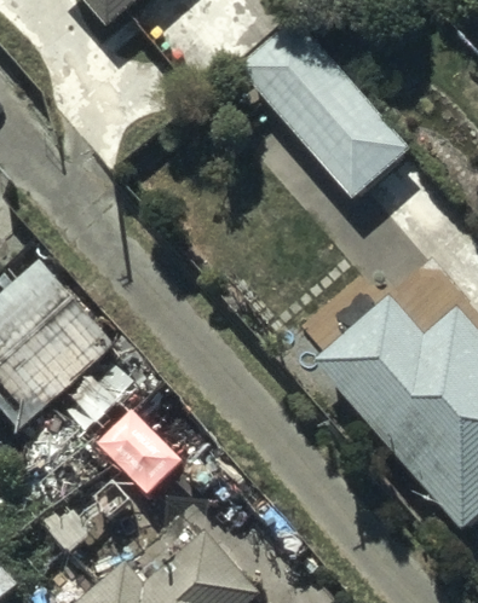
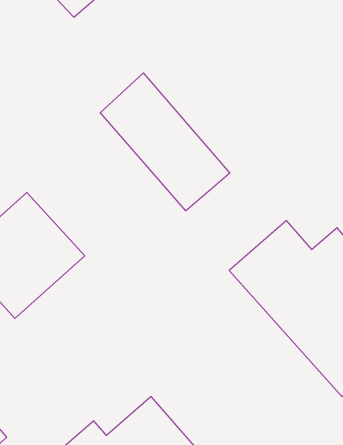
building: [236,13,409,197] -> [100,73,230,211]

